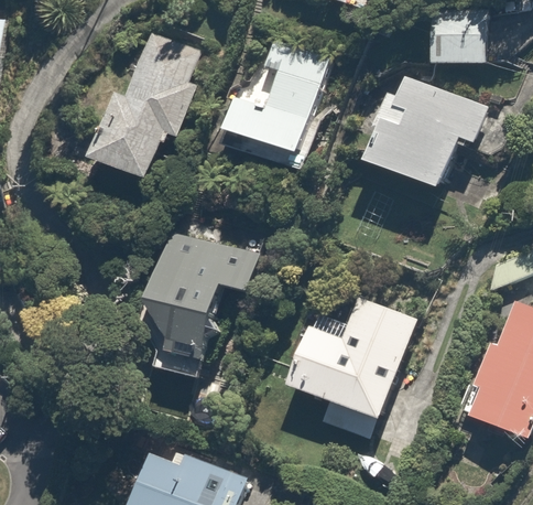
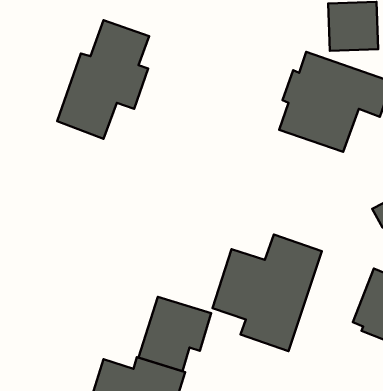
building: [217,35,327,168] -> none
building: [145,219,269,379] -> none
building: none -> [139,297,211,371]

